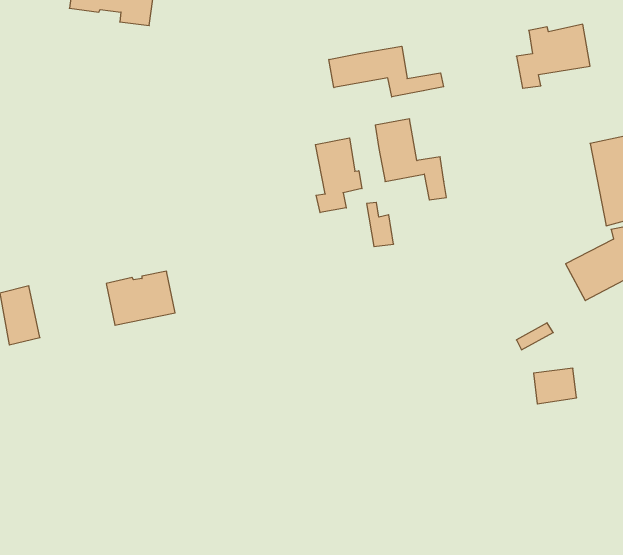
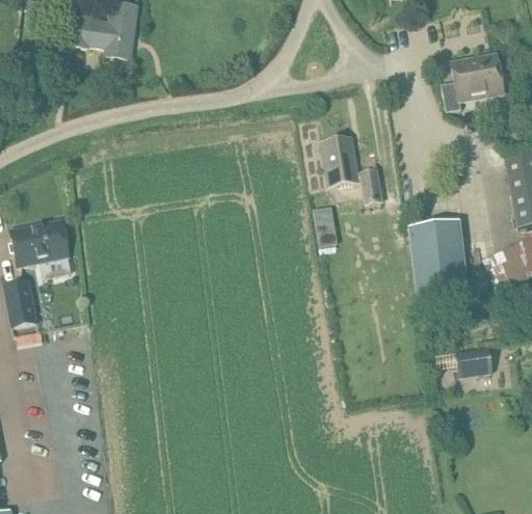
building: [329,46,444,97] -> none
building: [315,138,362,213] -> none
building: none -> [410,220,469,308]
building: [106,271,175,325] -> [10,219,69,265]

